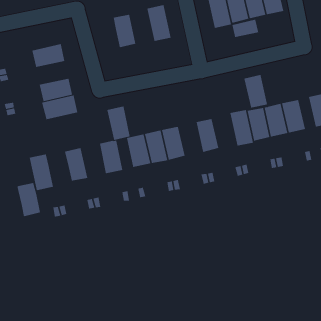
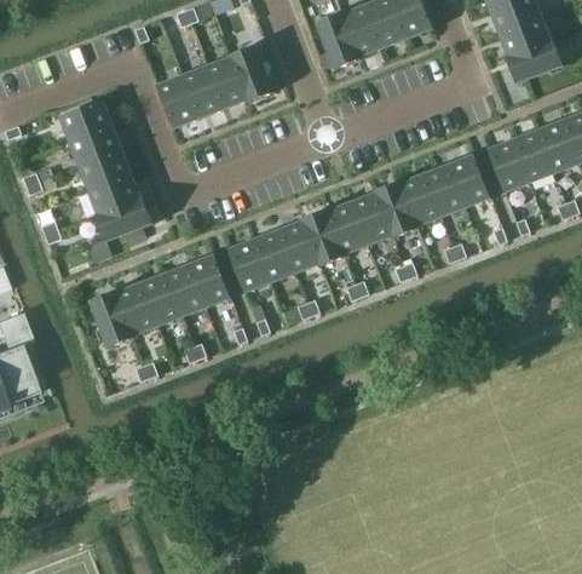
building: none -> [206,53,247,108]
building: none -> [156,74,197,127]
building: [232,19,259,38] -> none
building: none -> [59,98,111,140]
building: none -> [79,149,131,189]
building: [244,73,268,108] -> [350,189,392,243]
building: [106,106,130,140] -> [163,263,204,316]
building: none -> [301,208,344,264]
building: [16,183,41,218] -> [114,282,156,337]

